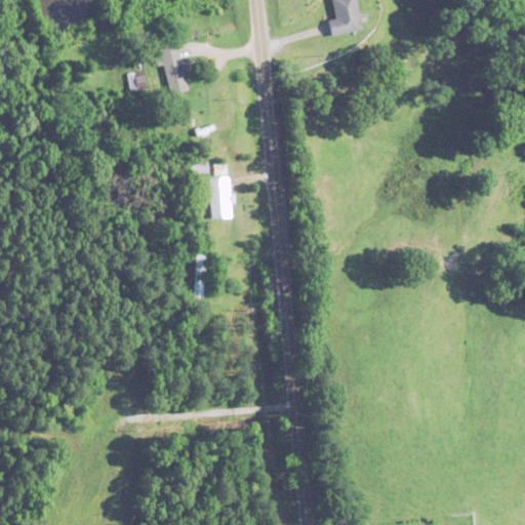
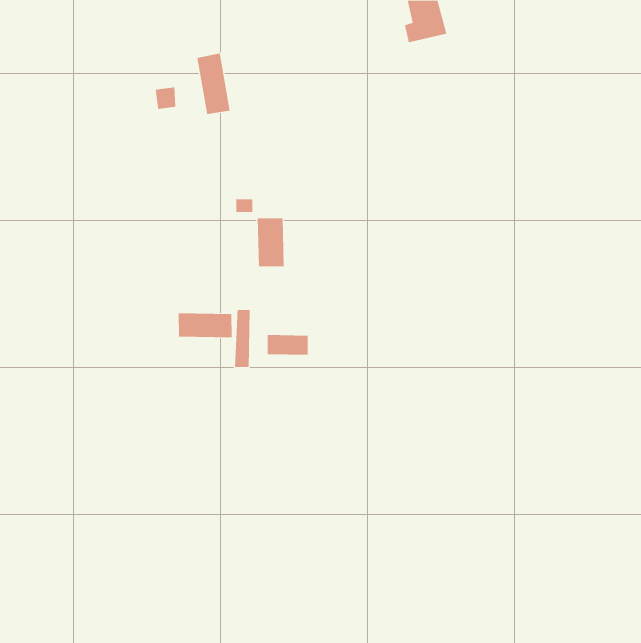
building: none -> [178,312,232,338]
building: none -> [267,334,308,356]

